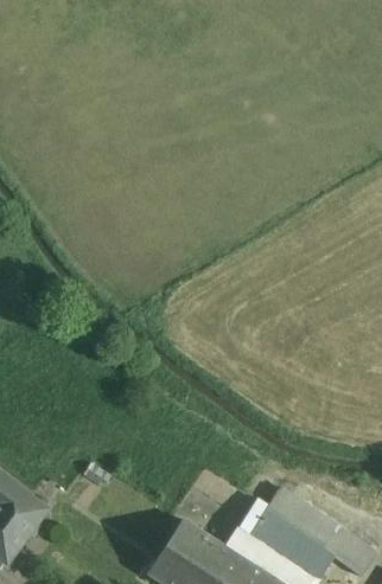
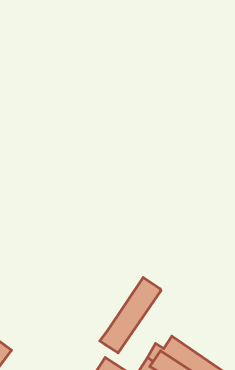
building: none -> [100,278,161,353]

